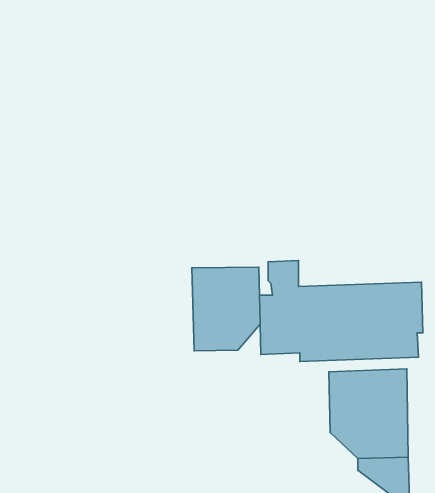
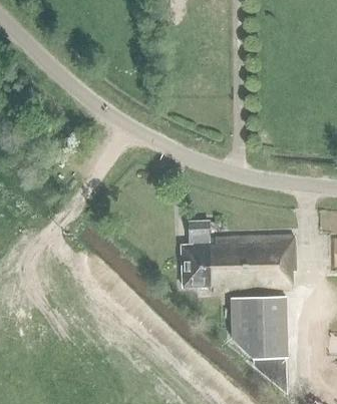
building: [192,267,260,351] -> none

